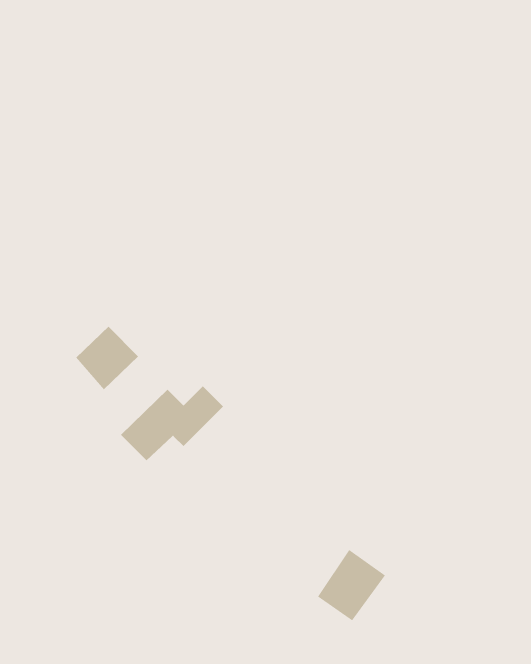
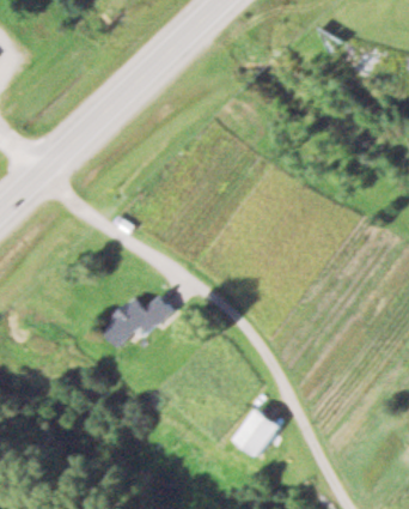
building: [75,326,139,390] -> none

